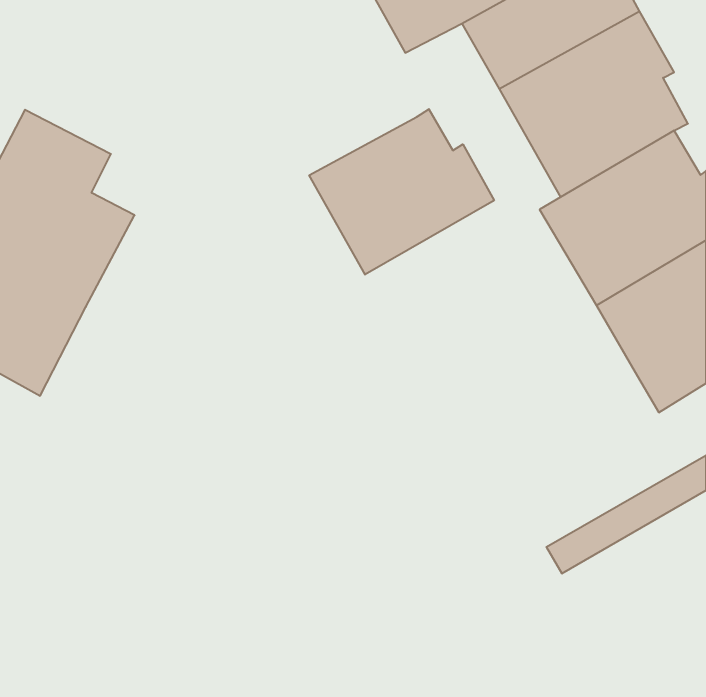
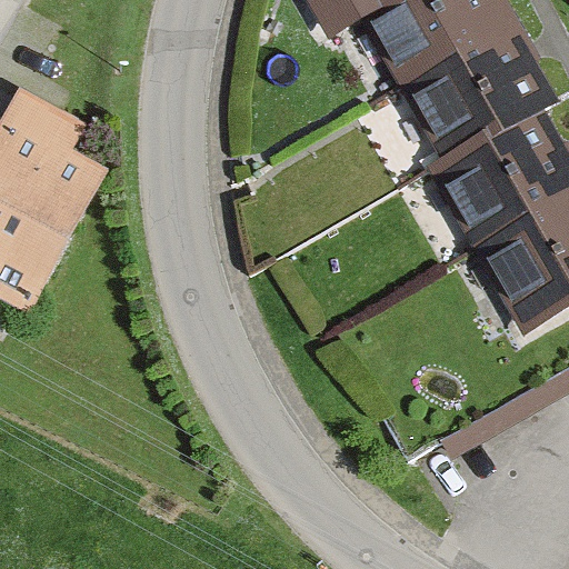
building: [309,109,494,275] -> none

